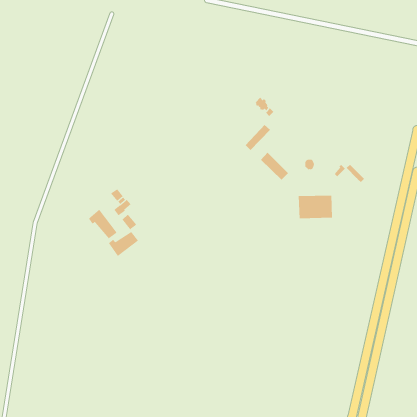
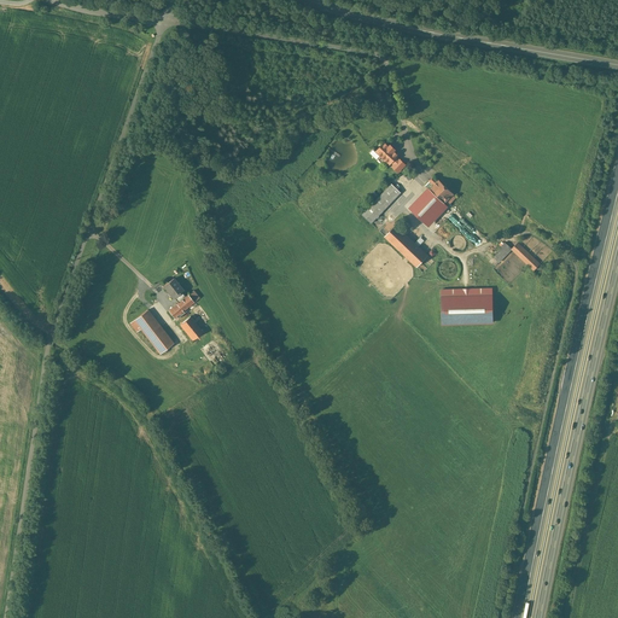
building: none -> [412,176,456,222]
building: [108,231,139,257] -> none

